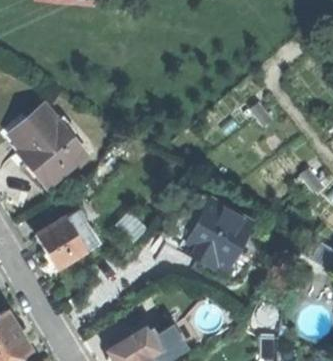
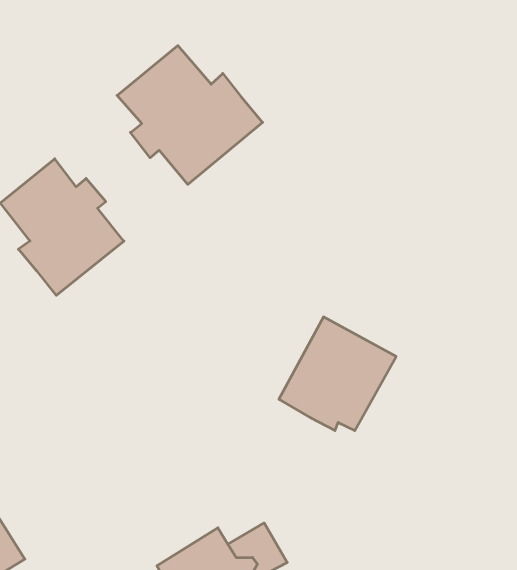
building: none -> [117,46,263,184]
building: [37,210,98,268] -> none

